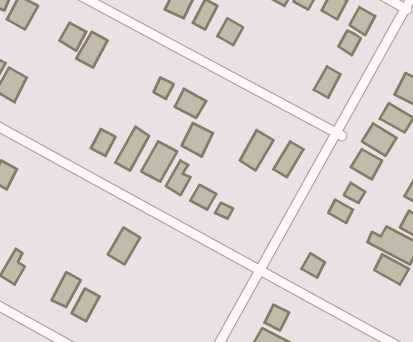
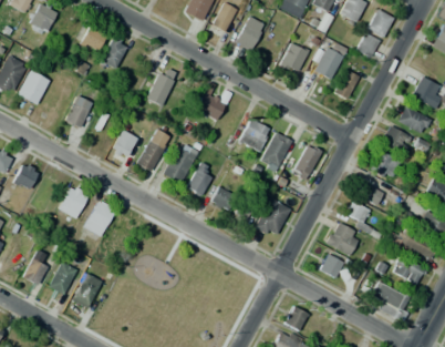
building: none -> [280,42,309,73]
building: none -> [314,48,343,80]
building: none -> [146,70,175,105]
building: none -> [64,95,92,127]
building: [182,123,213,157] -> [239,119,270,152]
building: none -> [59,185,89,218]
building: none -> [253,197,291,238]
building: none -> [325,222,361,256]
building: [108,228,140,264] -> [84,200,116,236]
building: none -> [373,282,408,318]
building: [72,289,100,321] -> [49,262,76,294]

